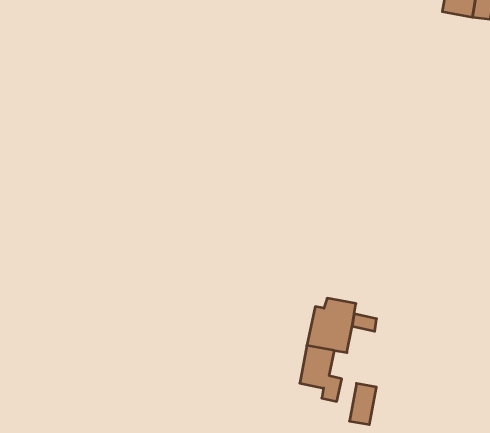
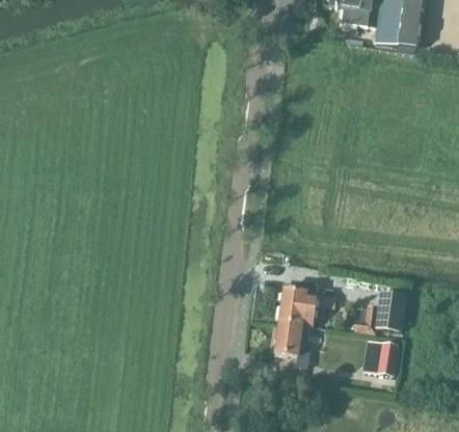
building: none -> [375,293,404,332]
building: [349,383,376,425] -> [377,342,398,375]

